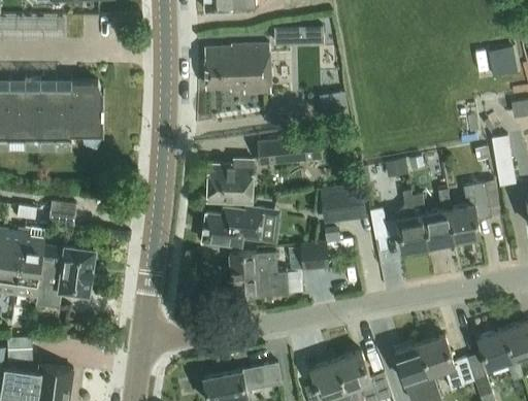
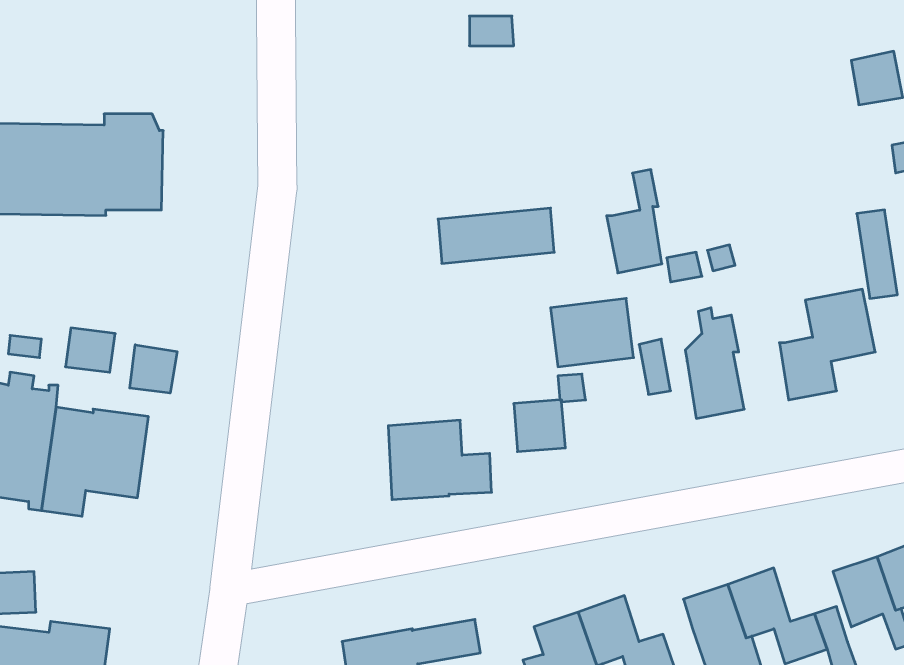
building: [206,45,270,95] -> none
building: [207,161,253,204] -> none
building: [423,190,454,247] -> [607,170,662,273]
building: [202,208,264,248] -> none
building: none -> [130,345,177,393]

